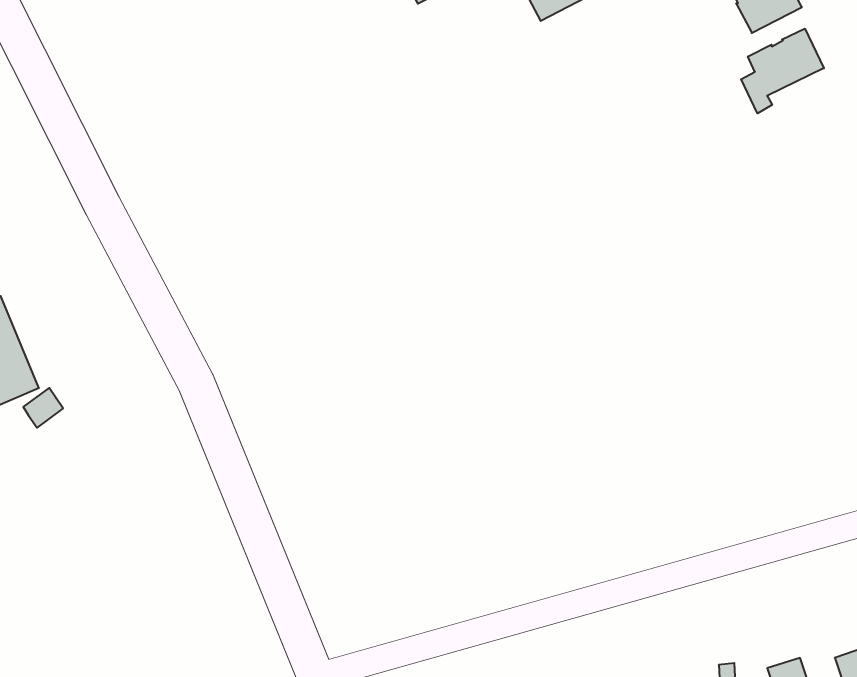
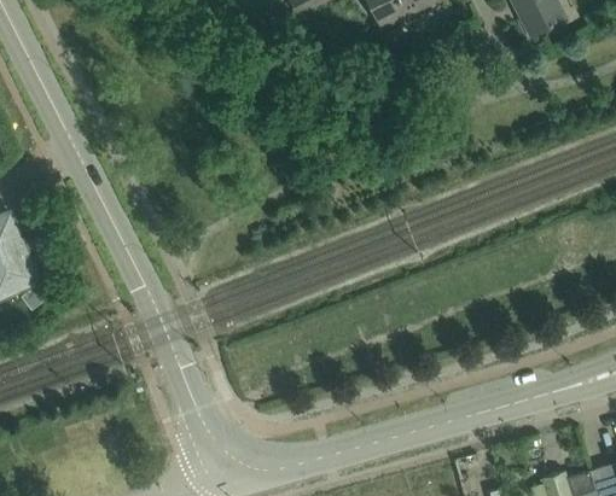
building: [741,29,824,113] -> none

